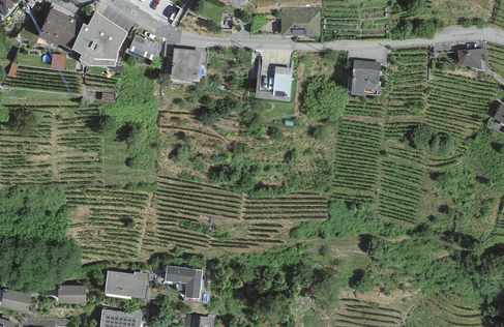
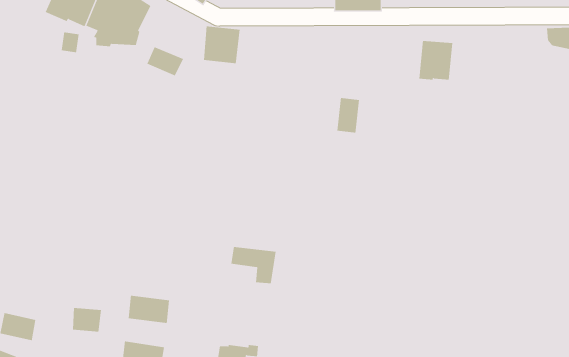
building: [128,34,159,59] -> [147,46,184,76]
building: [272,65,292,95] -> [336,97,360,133]
building: [167,267,205,298] -> [231,247,276,284]

